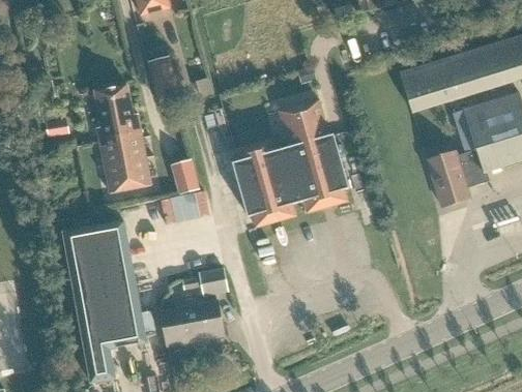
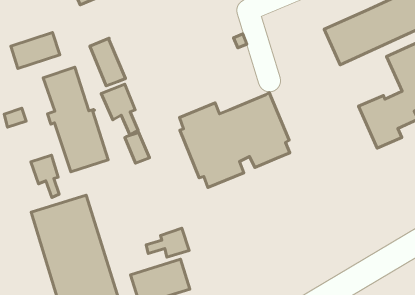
building: none -> [11,32,60,68]
building: [279,99,328,147] -> none
building: none -> [101,84,138,135]
building: none -> [31,155,59,197]

